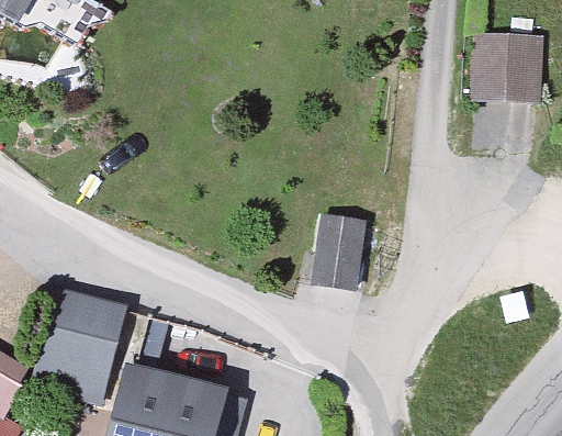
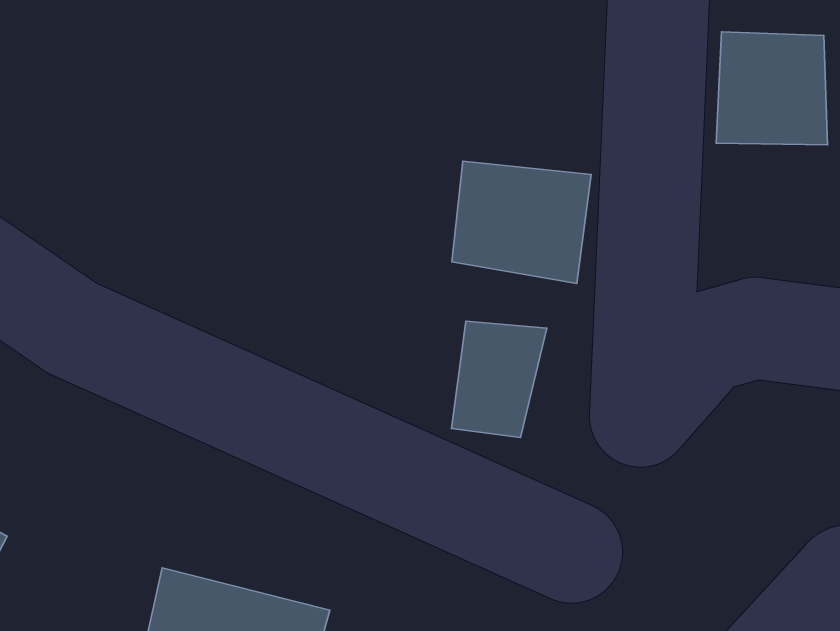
building: none -> [452,161,591,283]
building: [38,276,125,381] -> none

